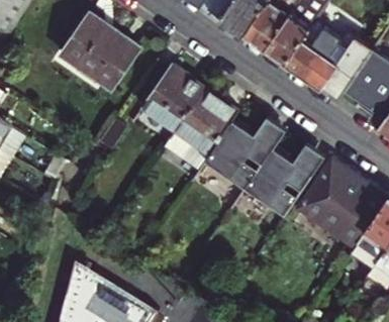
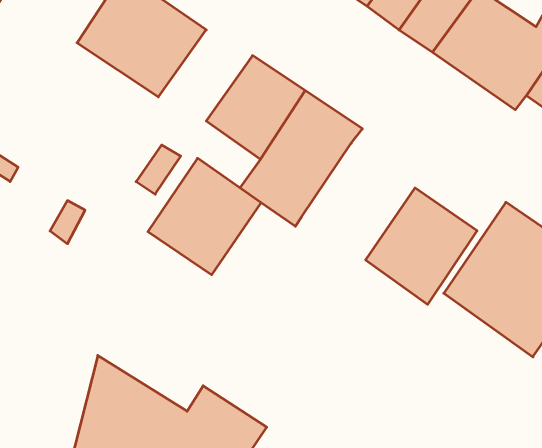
building: [202,121,274,195] -> [148,158,261,275]

